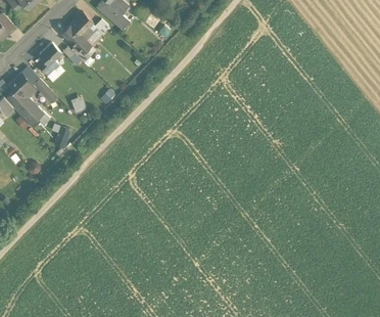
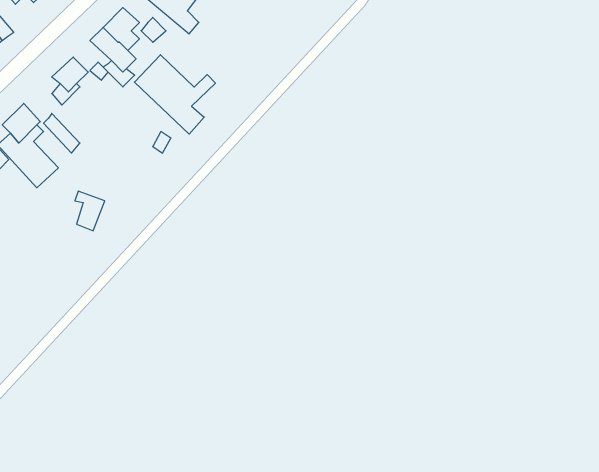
building: none -> [134,55,215,134]

